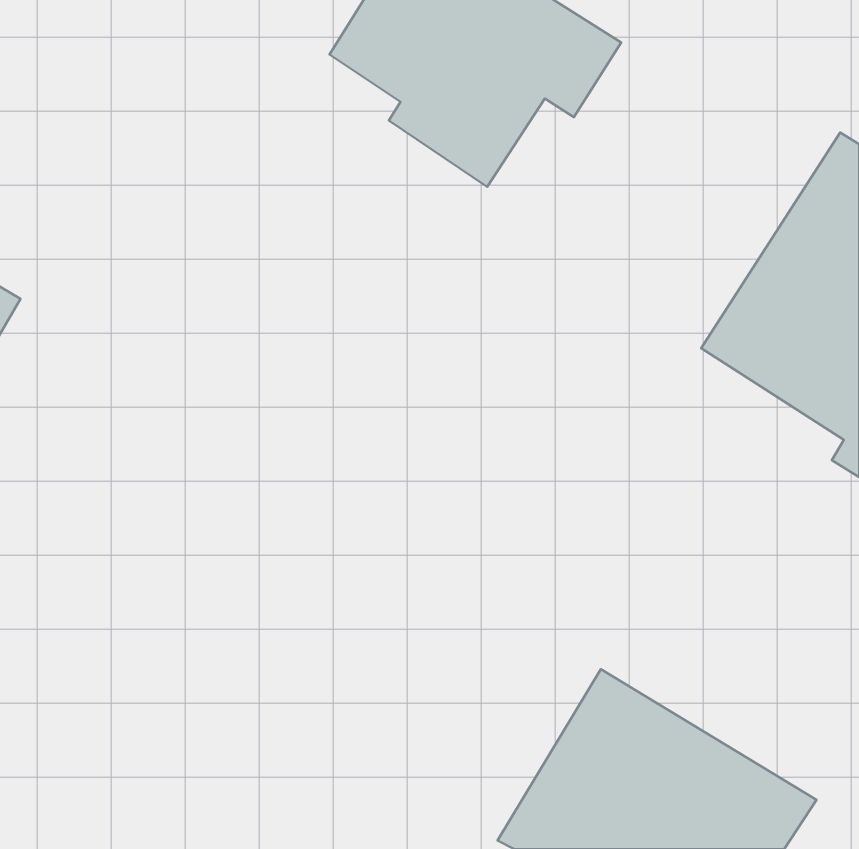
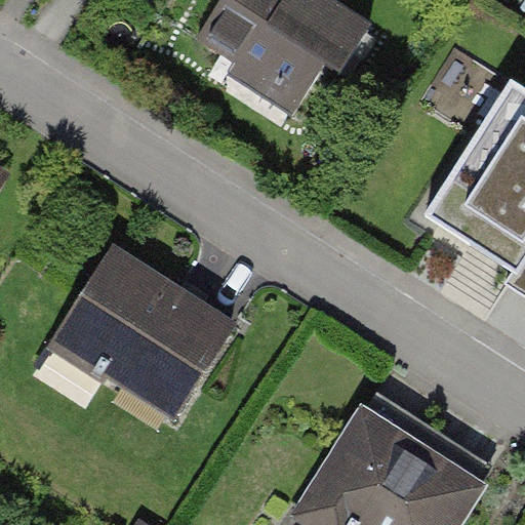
building: none -> [51,247,237,423]

